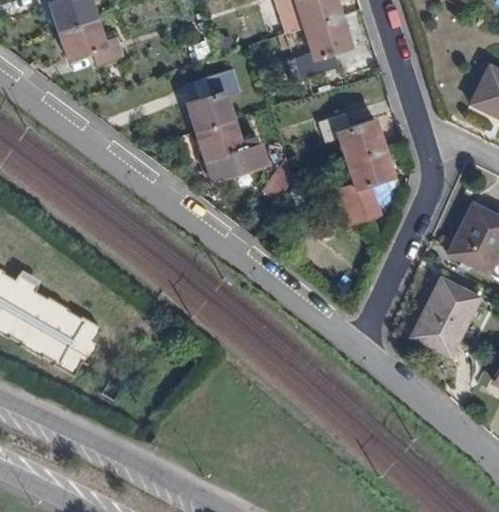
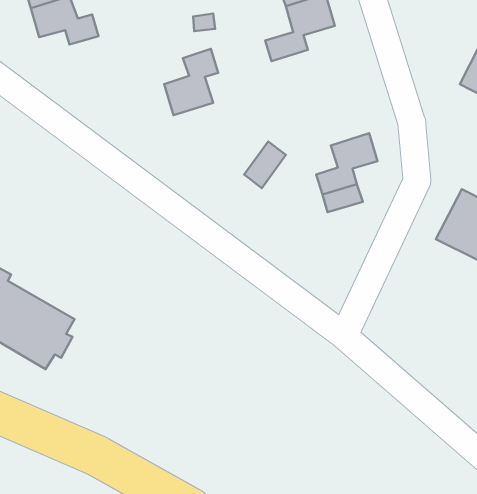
building: [319,113,384,161] -> none
building: [196,120,262,178] -> none
building: [412,278,478,353] -> none

